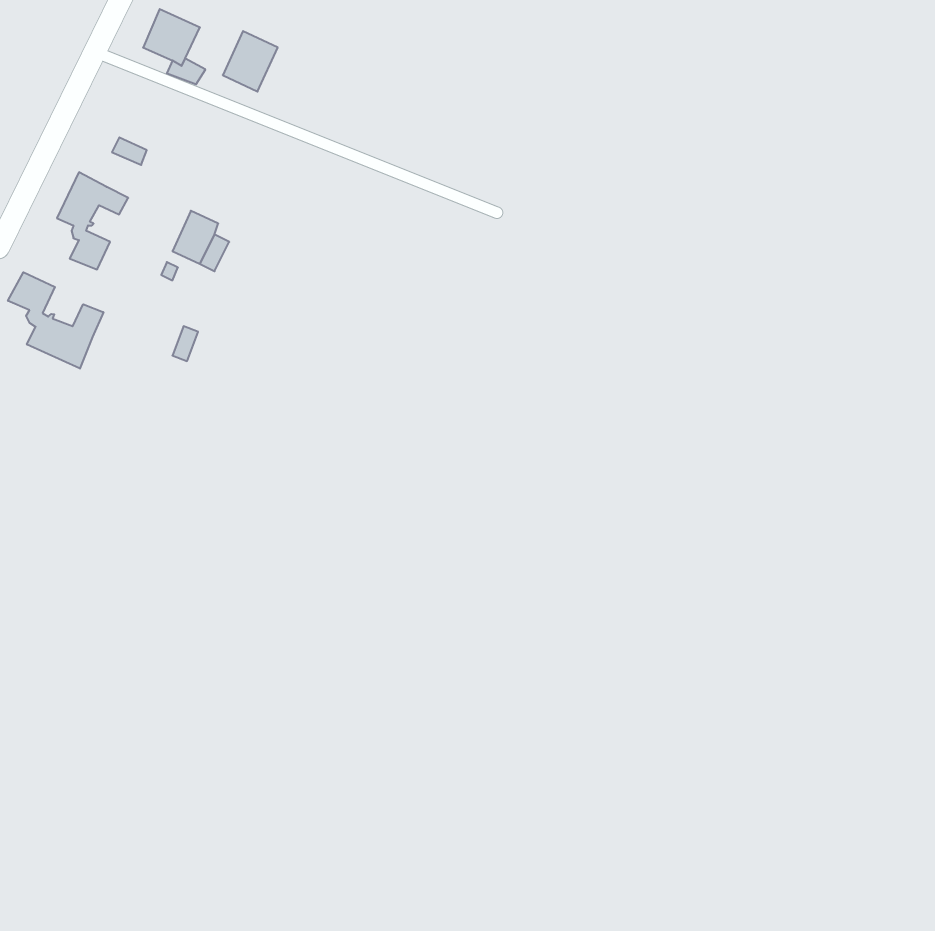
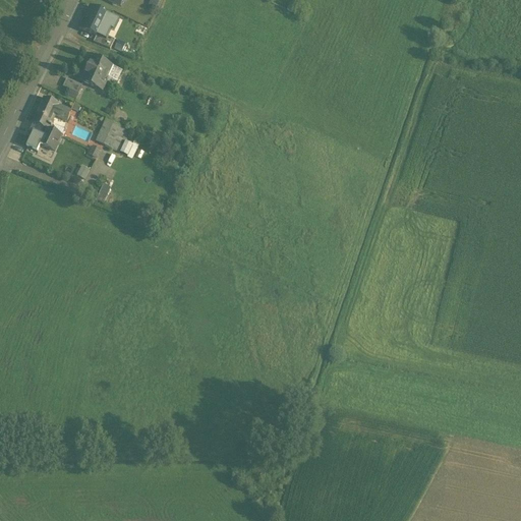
building: [223,31,278,92] -> [81,56,112,90]
building: [8,272,103,369] -> none

